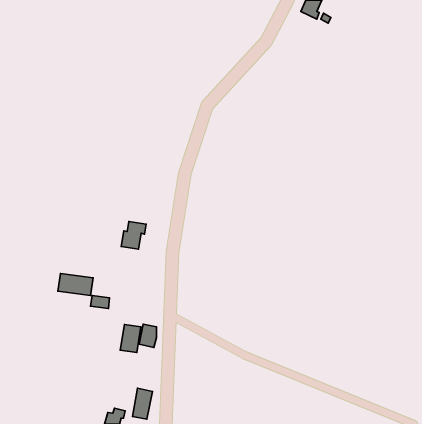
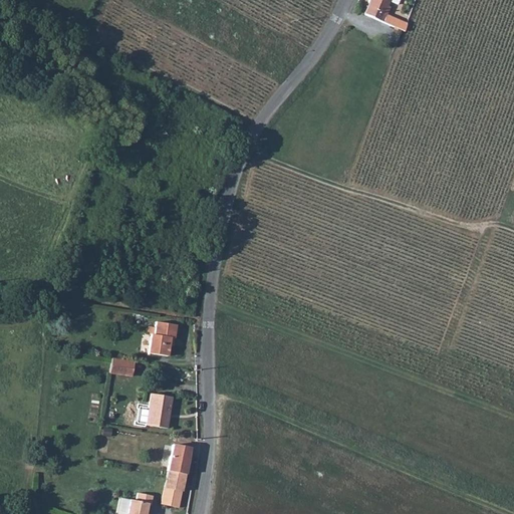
building: [121,222,146,249] -> [149,320,179,353]
building: [58,274,93,296] -> none
building: [139,324,156,348] -> [169,446,190,474]

